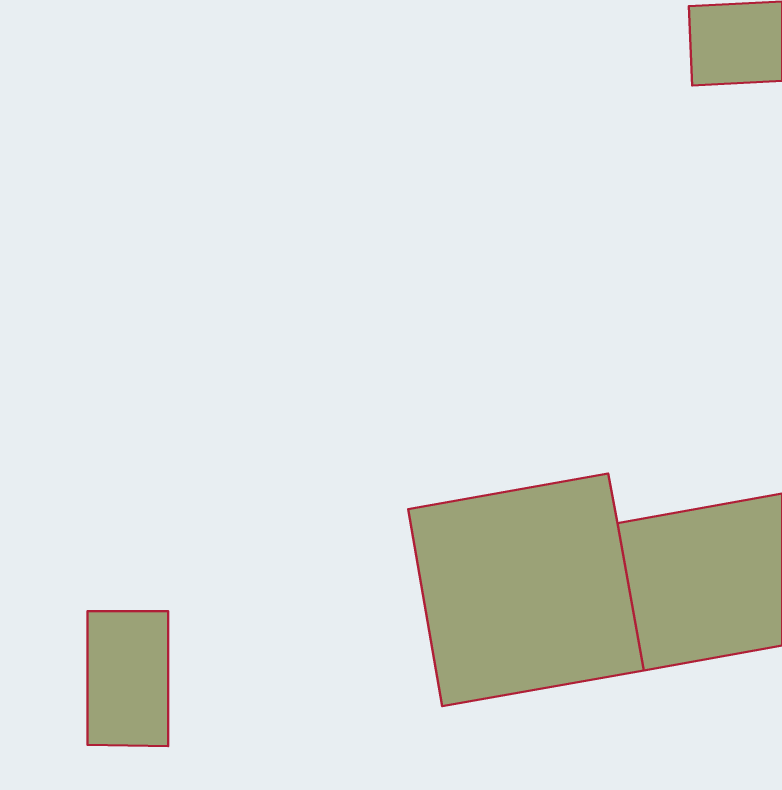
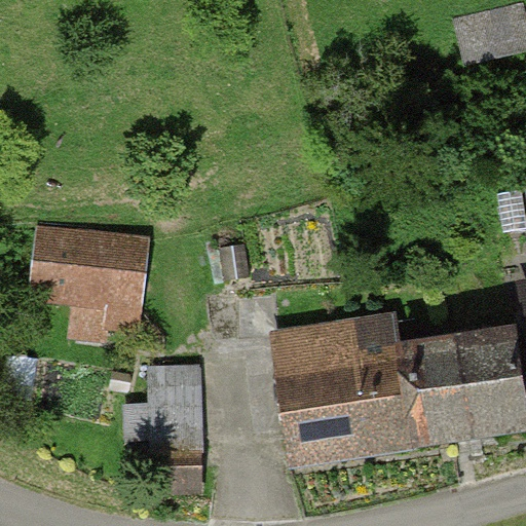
building: none -> [33,232,140,313]
building: [87,611,168,746] -> [150,358,203,447]

